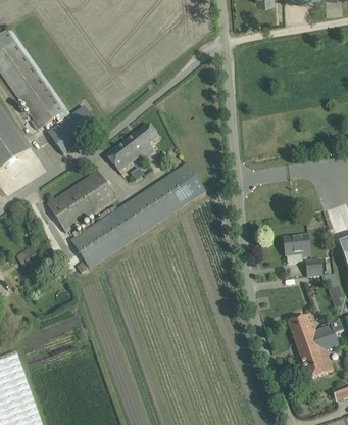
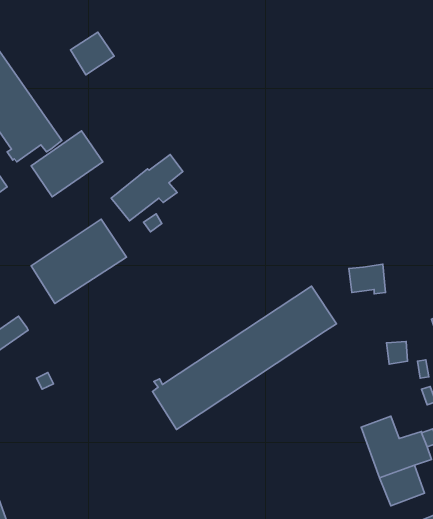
building: none -> [70,32,114,75]
building: [71,163,205,268] -> [153,286,337,429]
building: [284,235,310,256] -> [349,264,386,294]

